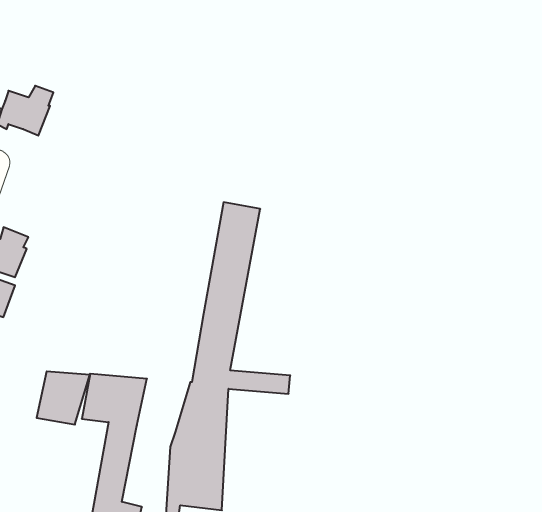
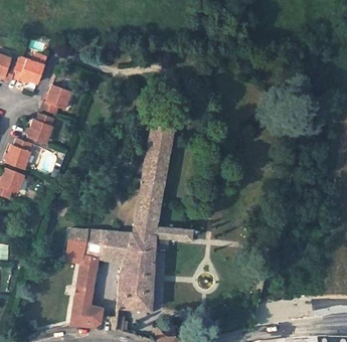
building: none -> [42,86,72,115]
building: none -> [29,115,54,145]
building: [37,371,90,425] -> [99,231,131,264]

